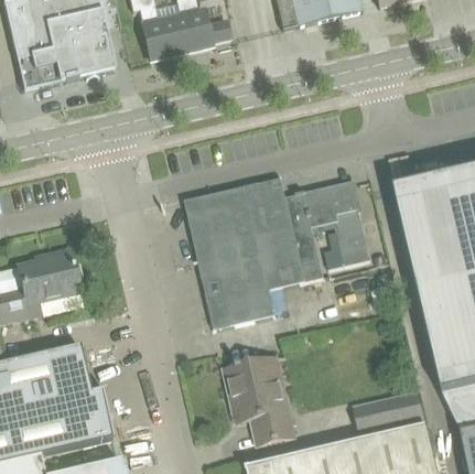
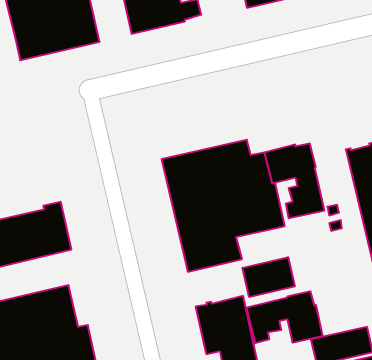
building: none -> [243,257,295,297]
building: none -> [246,291,323,343]

